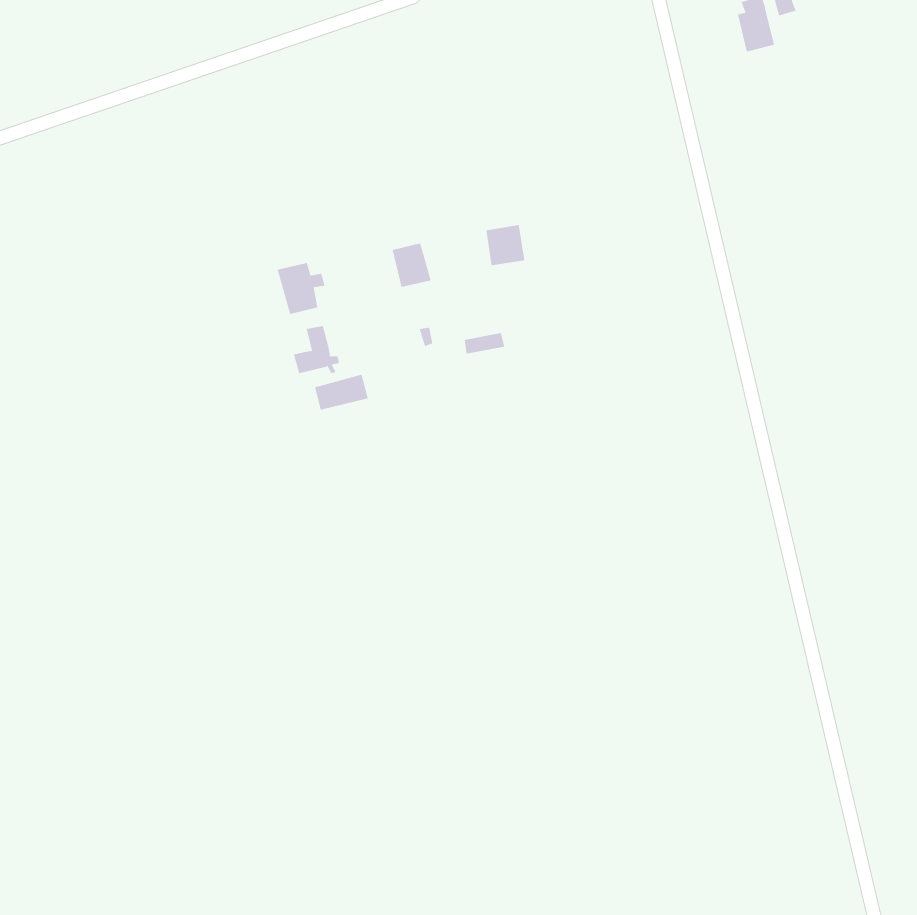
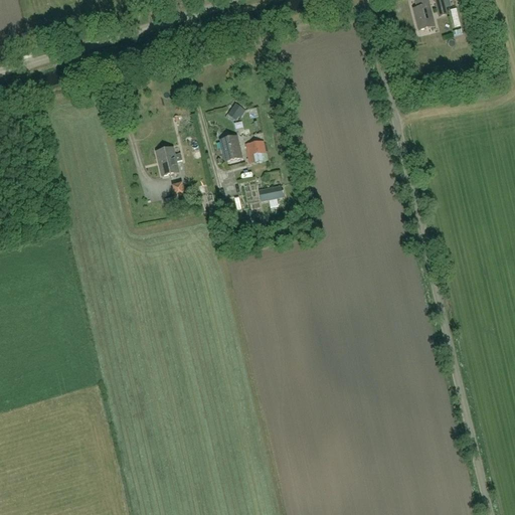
building: [485,225,525,266] -> [244,140,267,163]
building: [315,374,369,410] -> none

